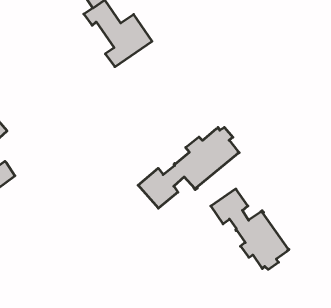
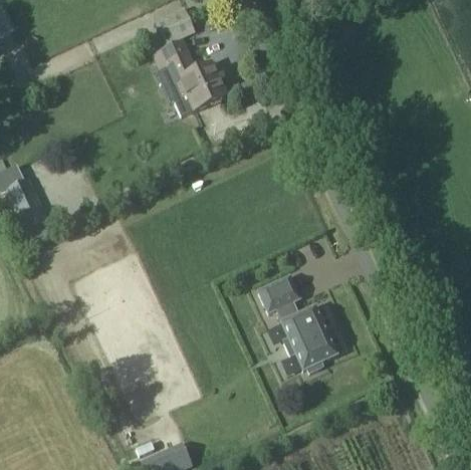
building: [138,127,239,208] -> none

